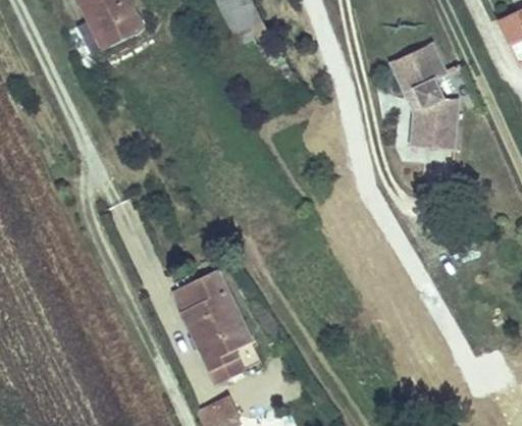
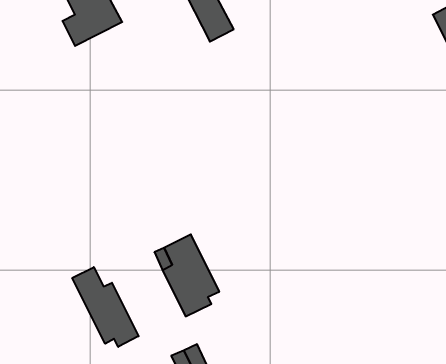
building: [380,40,449,142] -> none
building: none -> [72,267,139,347]

